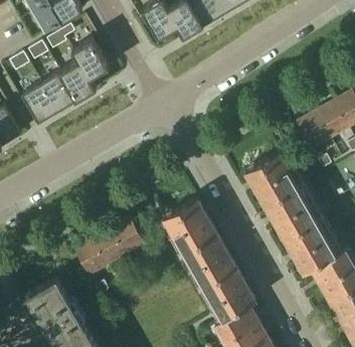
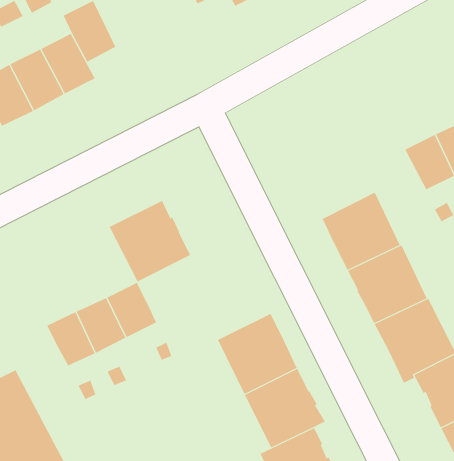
building: [163,199,216,252] -> [109,200,191,282]

